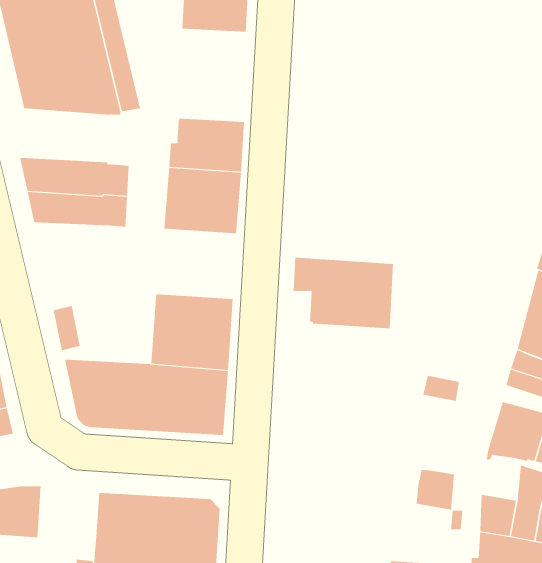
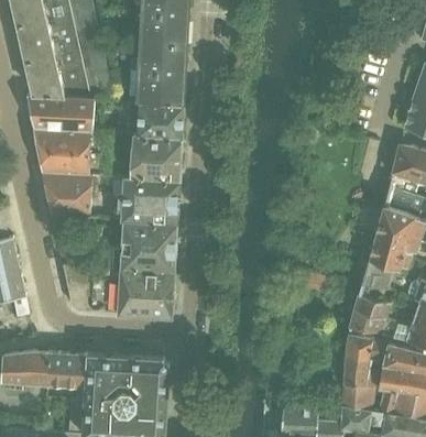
building: none -> [136,43,185,106]
building: none -> [25,97,92,133]
building: none -> [41,174,91,220]
building: [293,257,394,329] -> [110,177,178,226]
building: [416,470,455,510] -> [343,335,370,362]
building: none -> [44,352,86,390]

